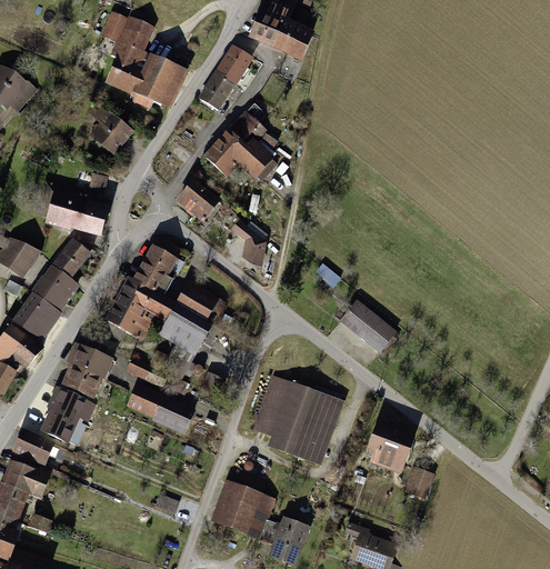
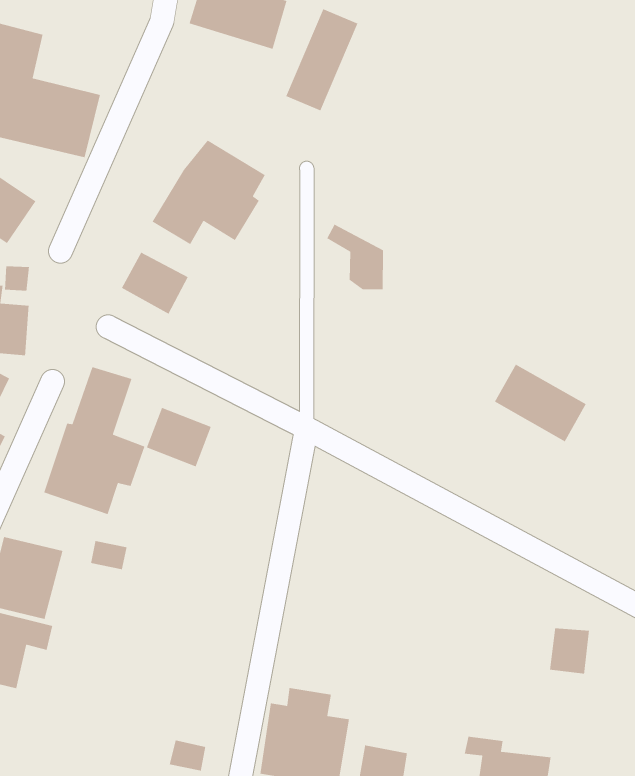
building: [198,43,252,109] -> [285,8,359,112]
building: [231,219,267,267] -> [326,223,384,290]
building: [342,295,401,350] -> [494,363,587,442]
building: [158,306,209,353] -> none
building: [253,375,343,463] -> none
building: [127,381,196,433] -> none
building: [367,422,404,466] -> none

